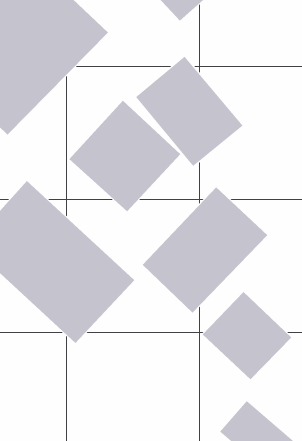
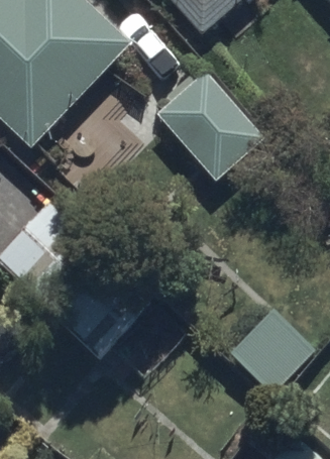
building: [69,100,181,212] -> none
building: [142,187,268,314] -> none

